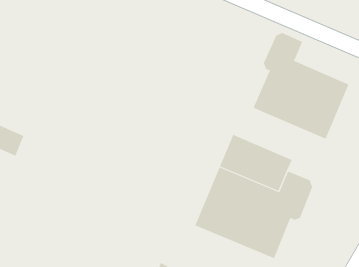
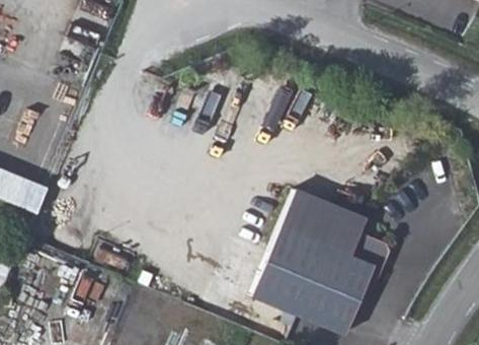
building: [253,32,349,139] -> none

